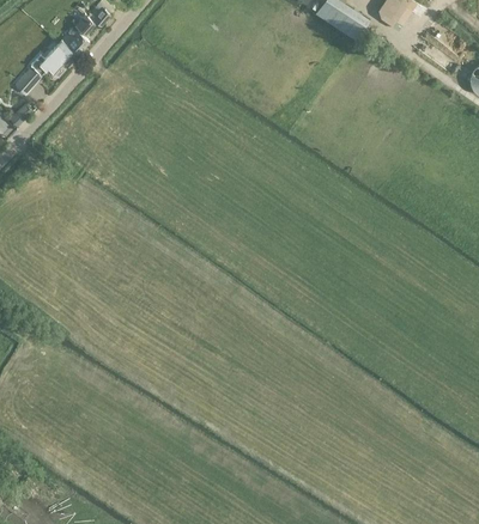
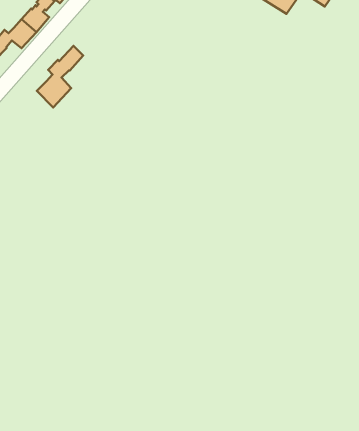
building: none -> [37,46,83,108]

